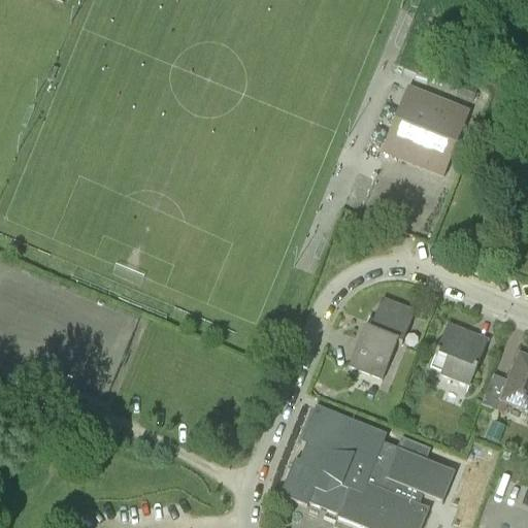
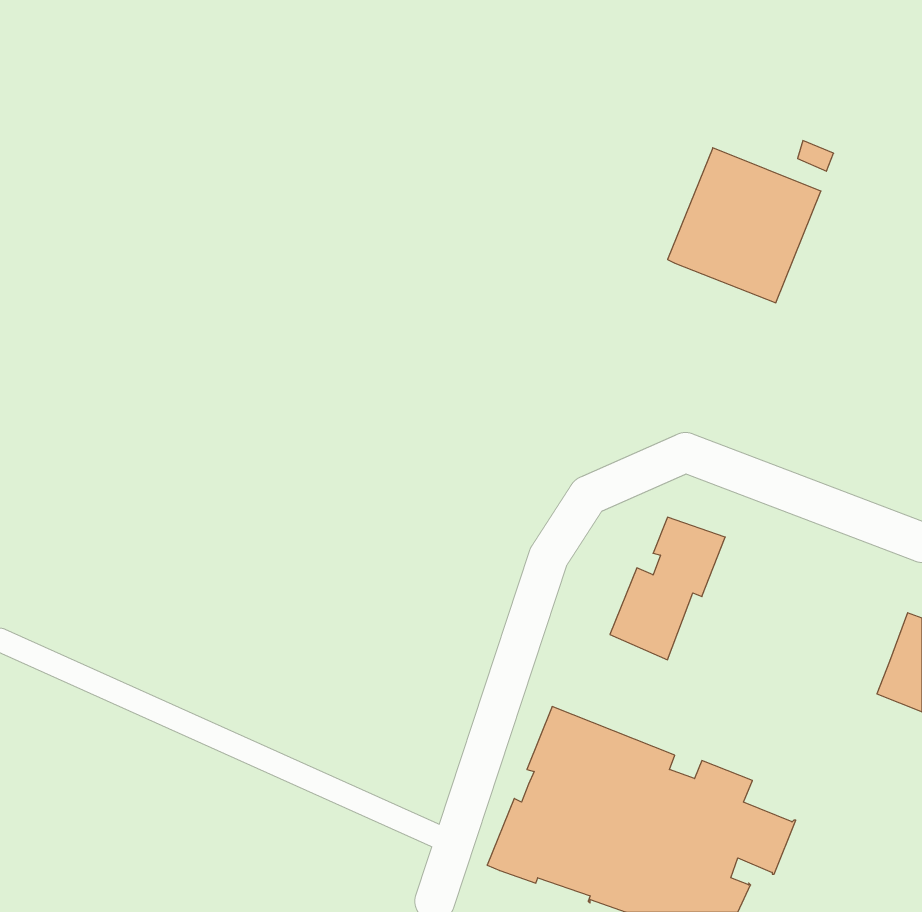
building: [429,322,486,384] -> none
building: [482,372,508,408] -> none

